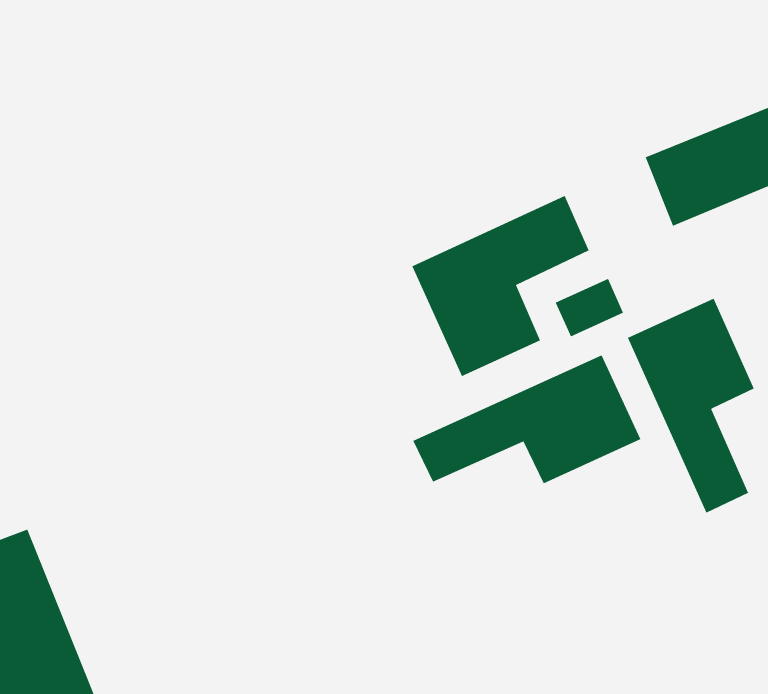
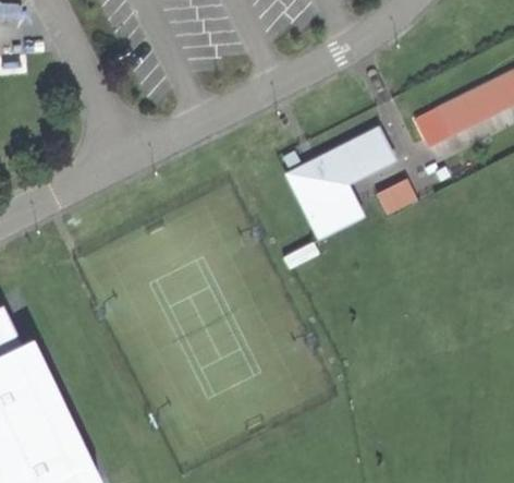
building: [627,298,755,514] -> none
building: [413,355,641,484] -> none

